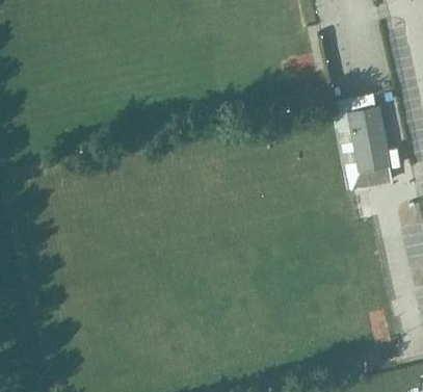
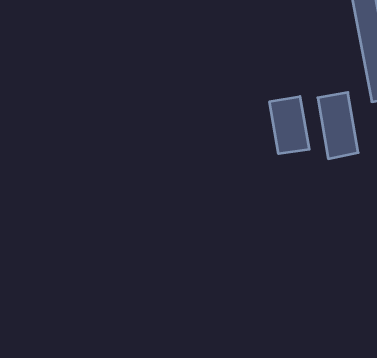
building: none -> [270,96,309,154]

